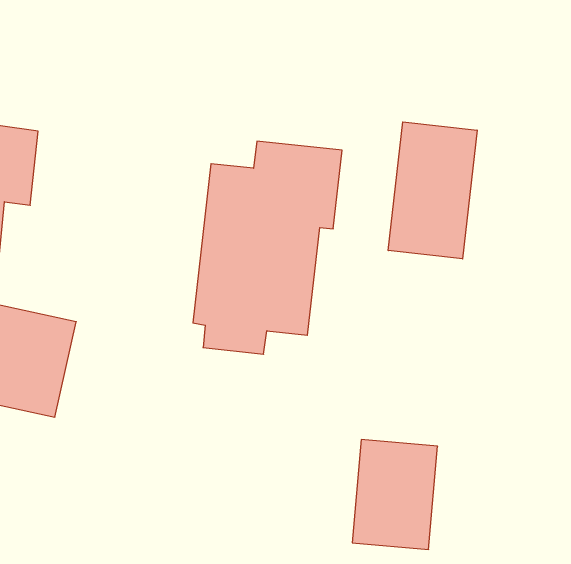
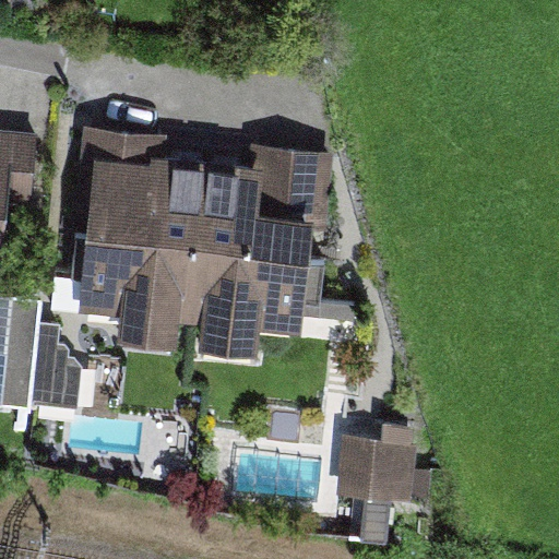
building: [388,122,477,259] -> none
building: none -> [75,128,205,345]

